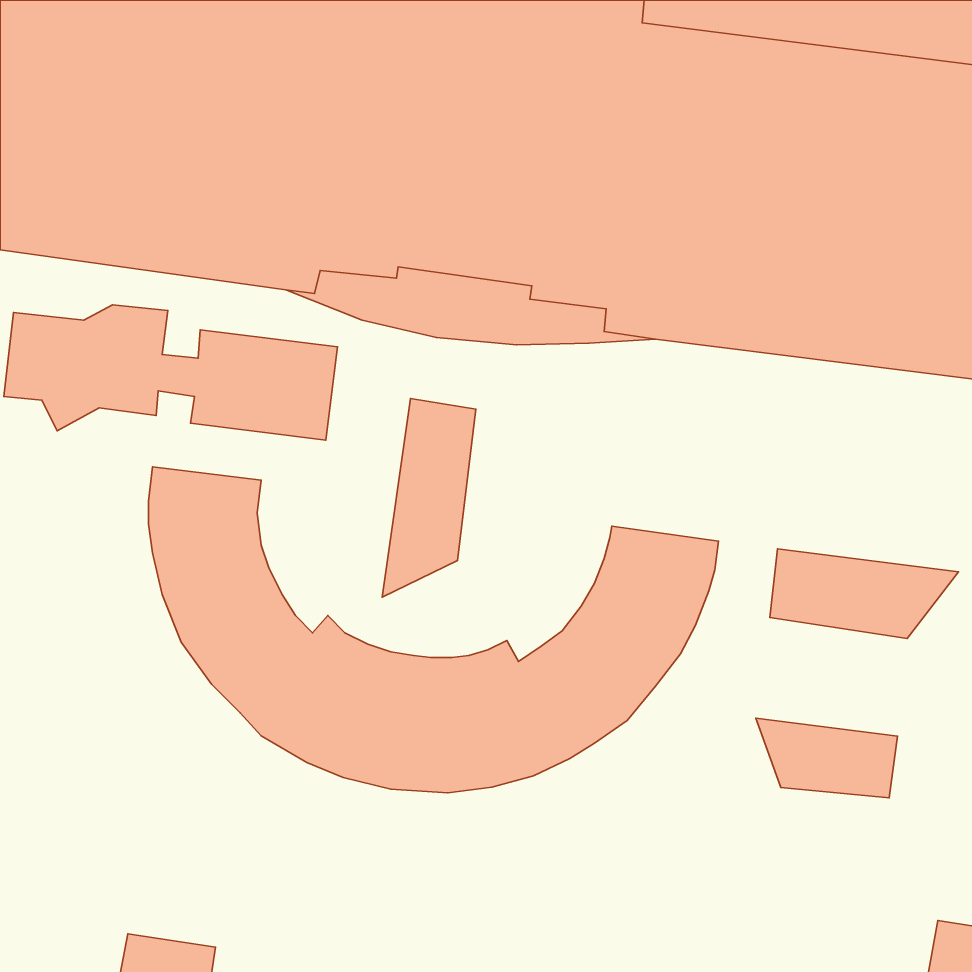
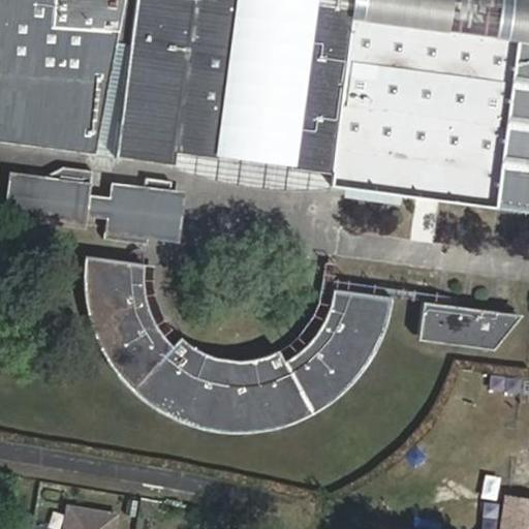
building: [382,399,476,597] -> none
building: [756,718,898,798] -> none

